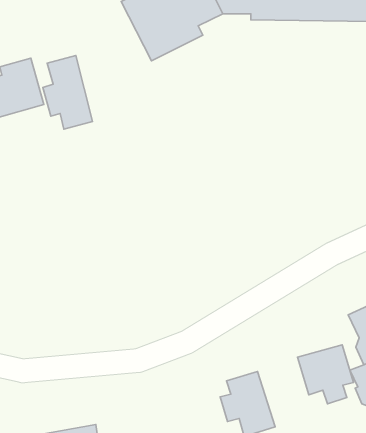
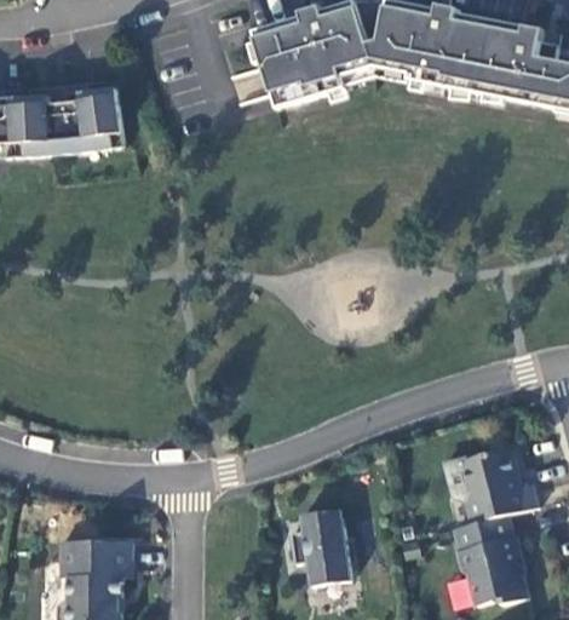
building: [43,56,92,129] -> none
building: [297,345,354,404] -> none

